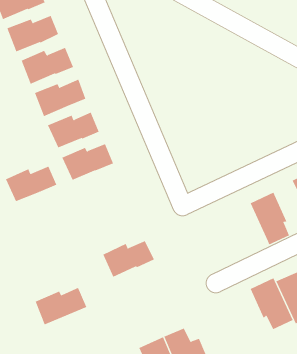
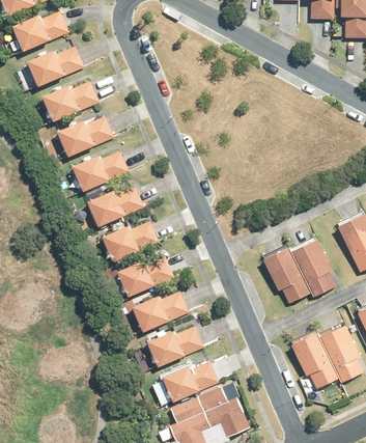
building: [5,166,57,202] -> [101,222,158,261]
building: none -> [262,247,310,303]
building: none -> [116,255,173,297]
building: [35,287,87,325] -> [146,326,203,367]
building: none -> [161,361,218,403]

